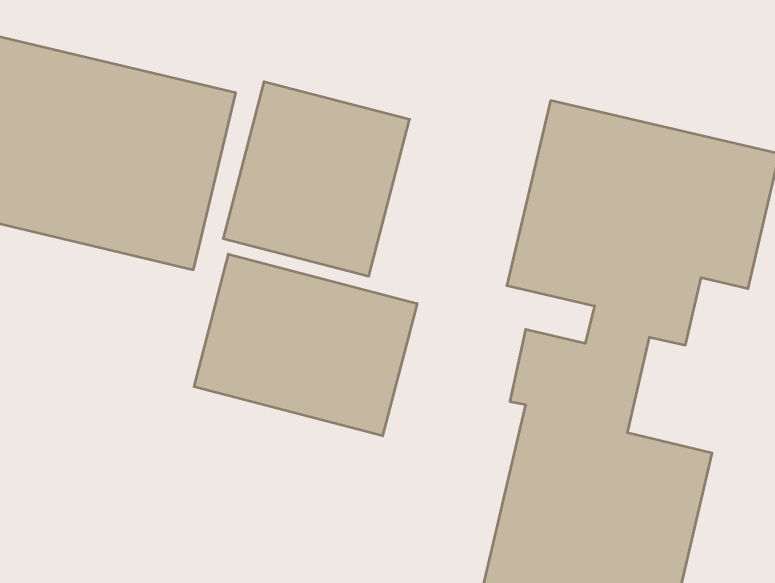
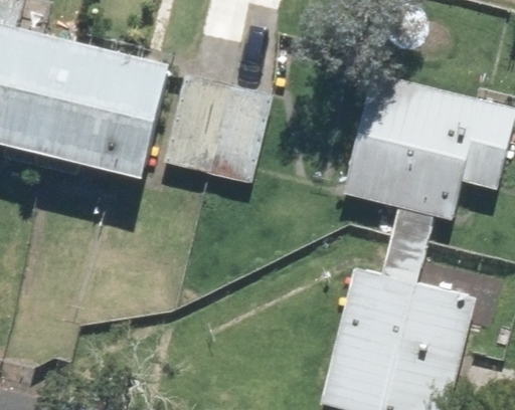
building: [194,254,417,436] -> none

